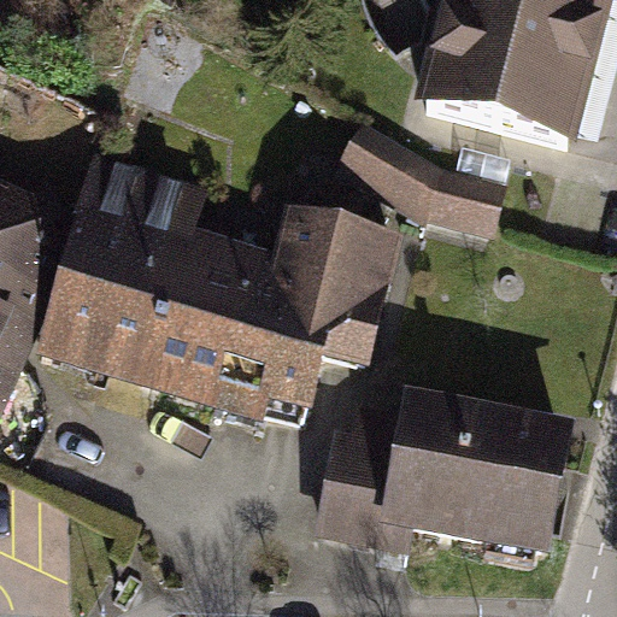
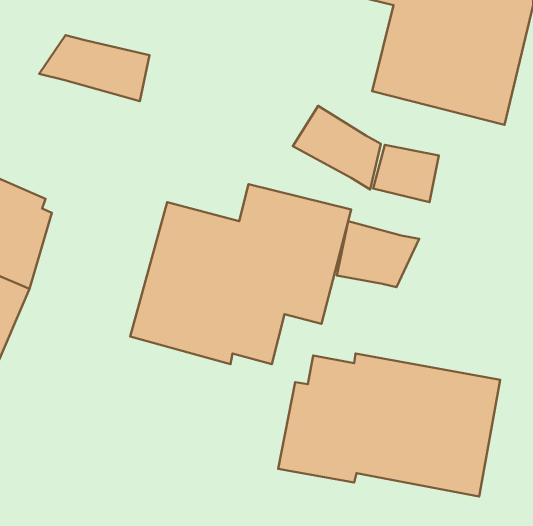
building: none -> [39,35,149,101]
building: [42,153,202,383] -> none
building: none -> [337,221,419,287]

